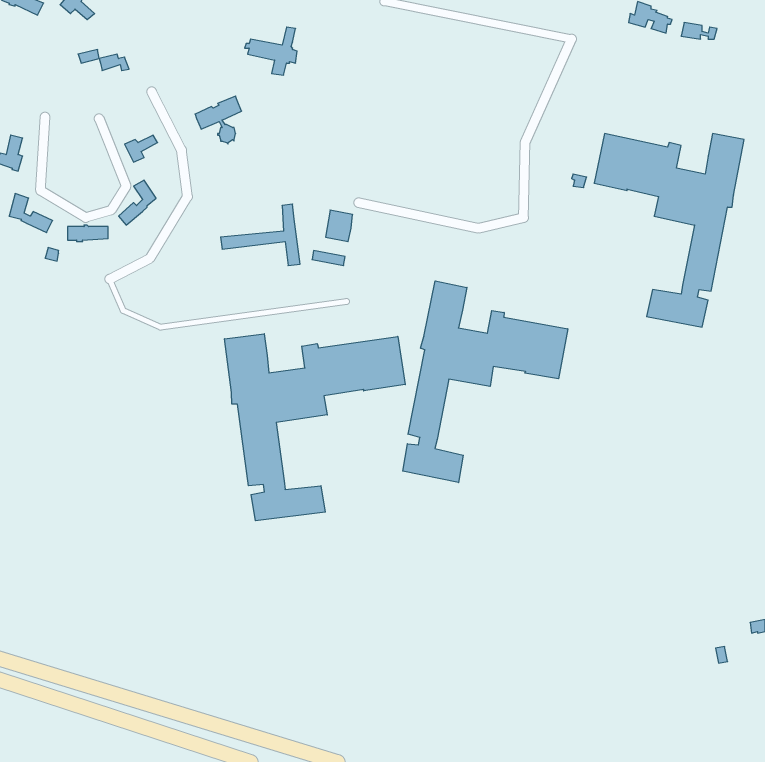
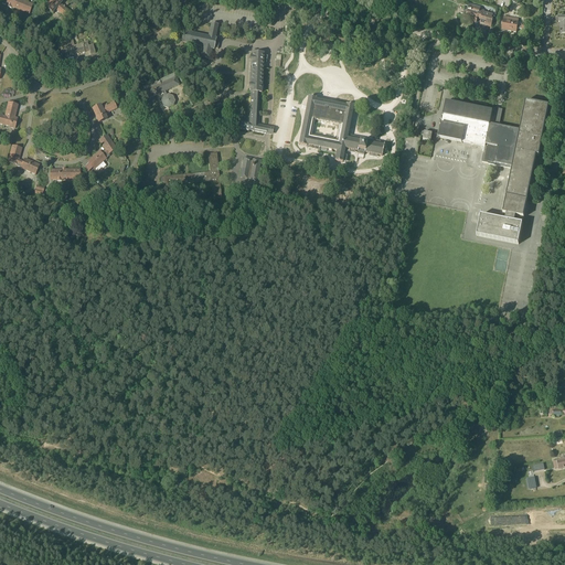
building: none -> [236,46,266,130]
building: none -> [298,94,385,160]
building: [403,281,568,483] -> none
building: [225,334,405,521] -> none

